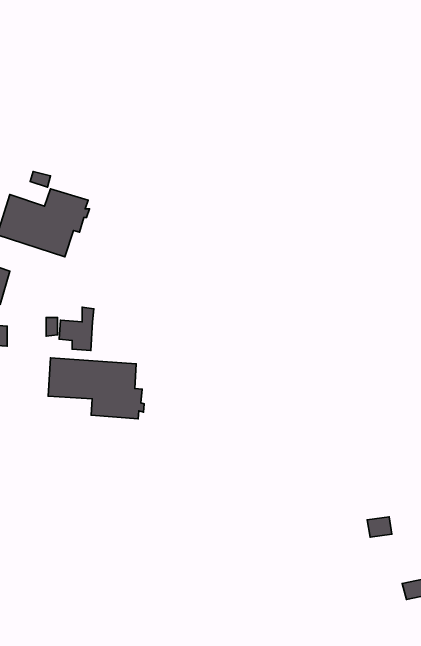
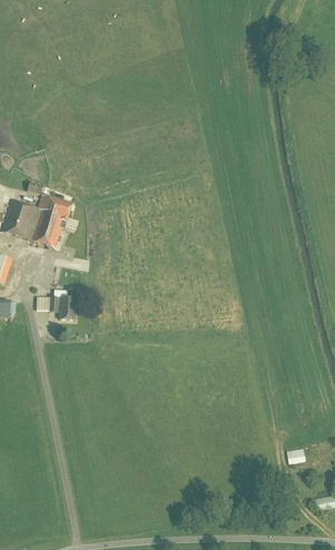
building: [48,358,144,419] -> none

